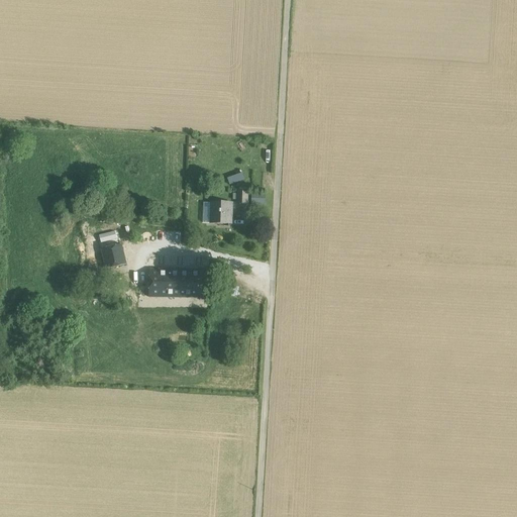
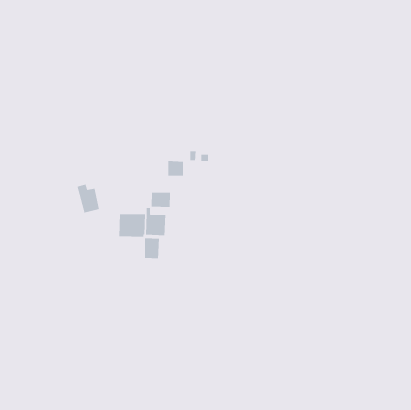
building: none -> [151,192,171,208]
building: none -> [144,238,160,259]

